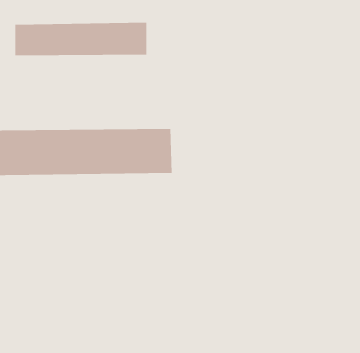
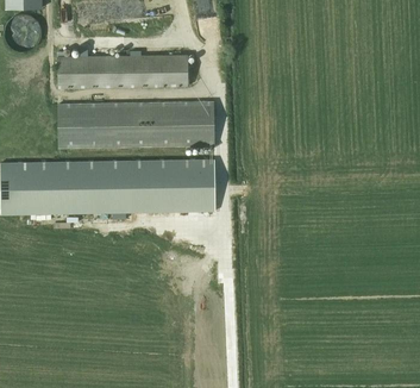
building: none -> [57,99,215,148]

